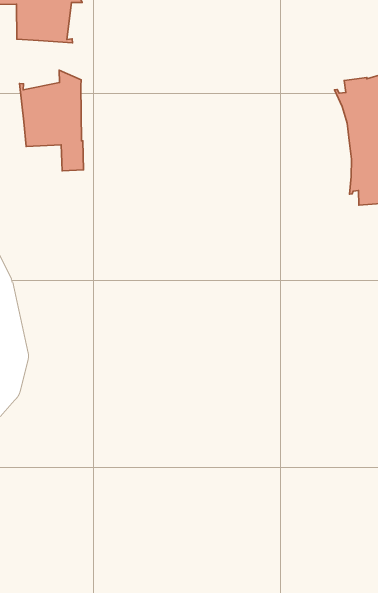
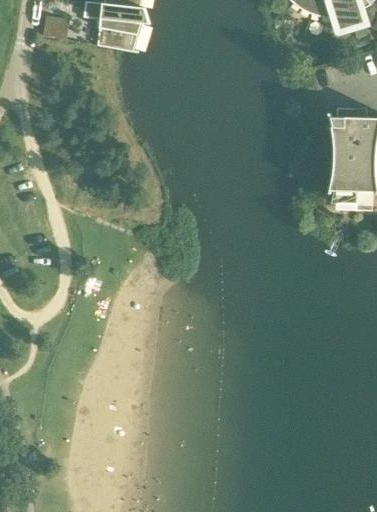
building: [19,70,84,171] -> none

